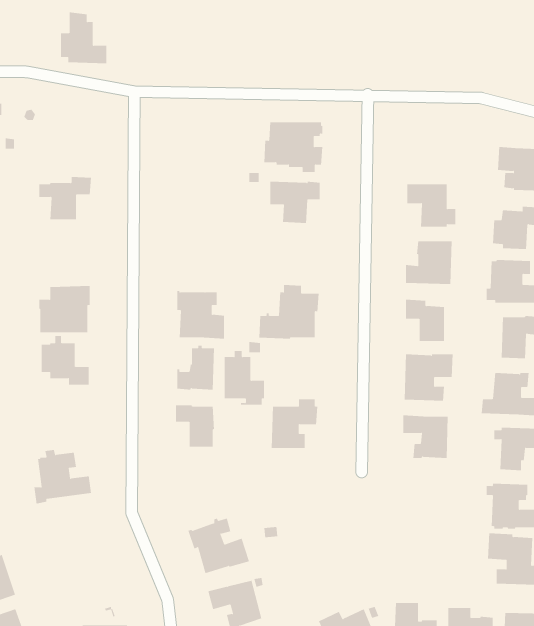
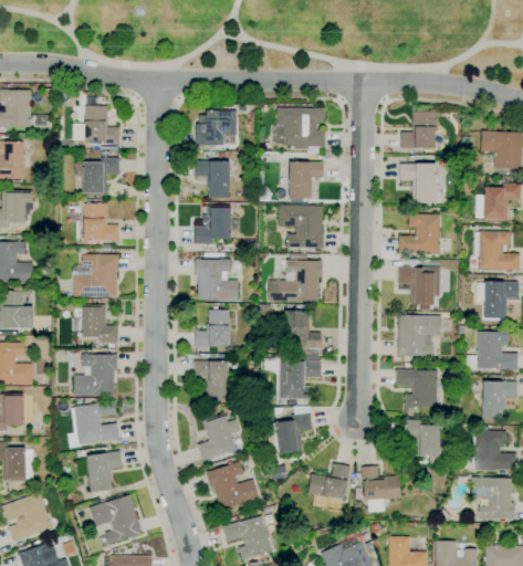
building: [60,12,107,64] -> [77,97,119,144]
building: none -> [196,111,237,146]
building: none -> [400,112,436,148]
building: none -> [195,157,238,197]
building: none -> [75,203,118,241]
building: none -> [193,206,231,244]
building: none -> [279,206,323,248]
building: [224,350,265,405] -> [284,305,321,354]
building: none -> [73,352,117,396]
building: none -> [266,406,312,454]
building: none -> [197,413,240,461]
building: none -> [405,420,440,459]
building: none -> [75,451,122,493]
building: none -> [308,463,351,509]
building: none -> [362,467,401,515]
building: none -> [88,494,143,545]

